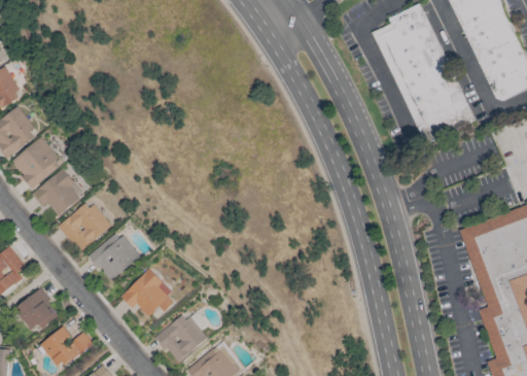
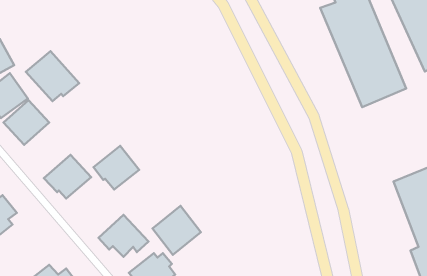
building: none -> [26,51,79,101]
building: [32,168,85,215] -> none
building: [89,231,141,281] -> [93,146,139,190]
building: none -> [152,206,201,255]
building: [15,286,59,330] -> none

